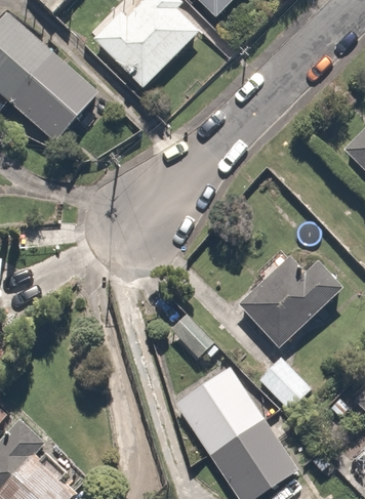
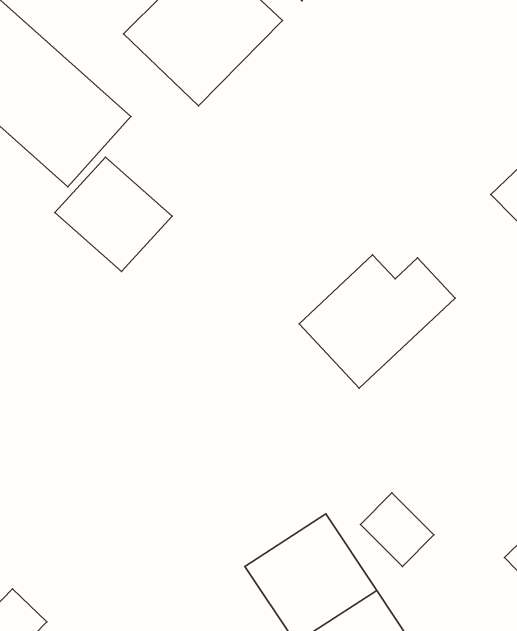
building: none -> [55,157,172,272]
building: [240,257,347,348] -> [299,255,455,388]

